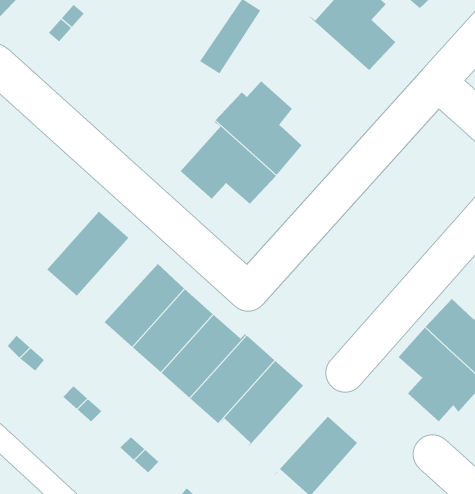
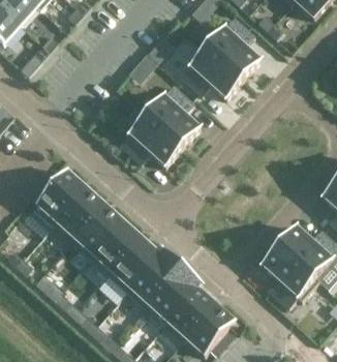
building: none -> [180,41,242,96]
building: none -> [52,185,104,240]
building: none -> [162,281,215,339]

